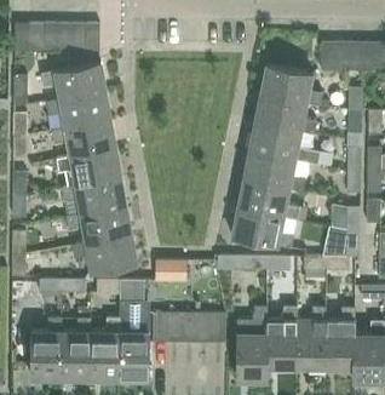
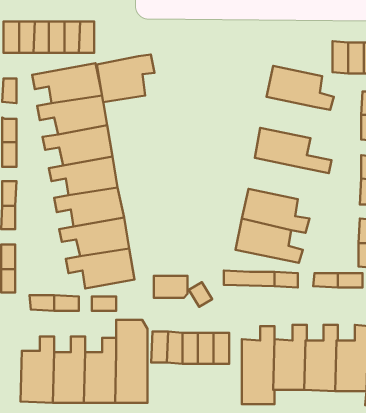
building: none -> [97,55,155,102]
building: [253,93,316,134] -> none
building: [242,150,304,191] -> none

